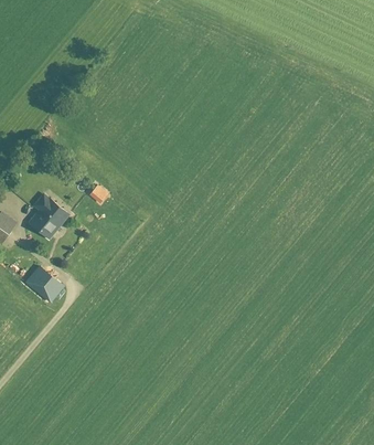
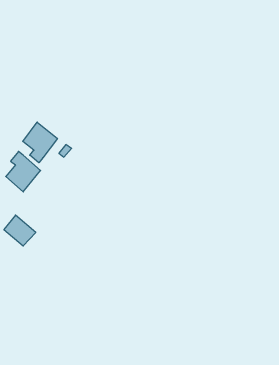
building: none -> [23,122,57,163]

